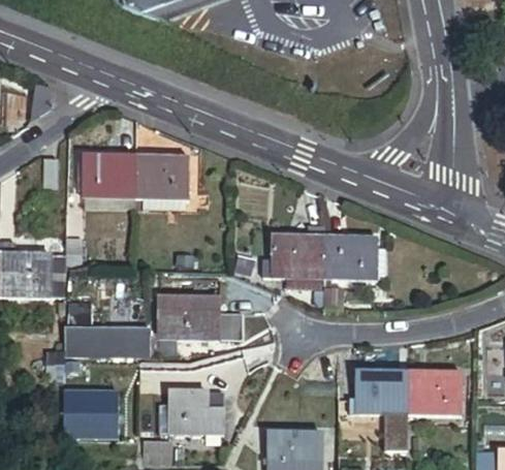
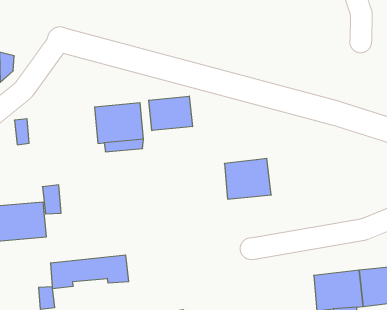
building: [82,154,134,196] -> none
building: none -> [149,96,192,131]
building: [321,236,377,278] -> none
building: [158,296,241,339] -> none

